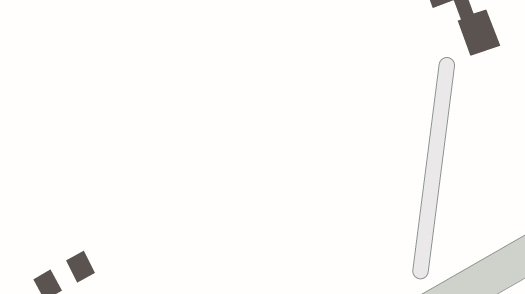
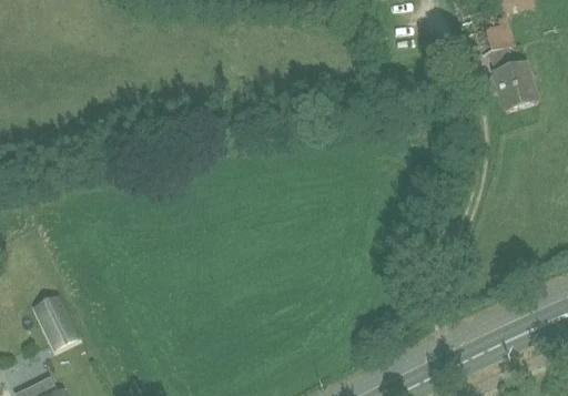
building: [65,250,96,284] -> none

